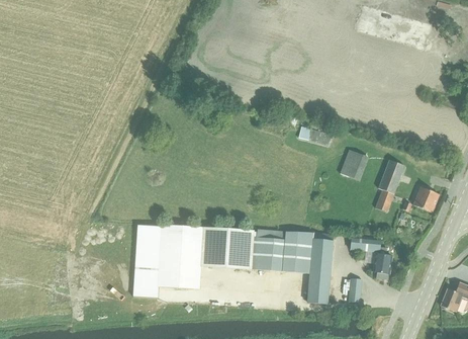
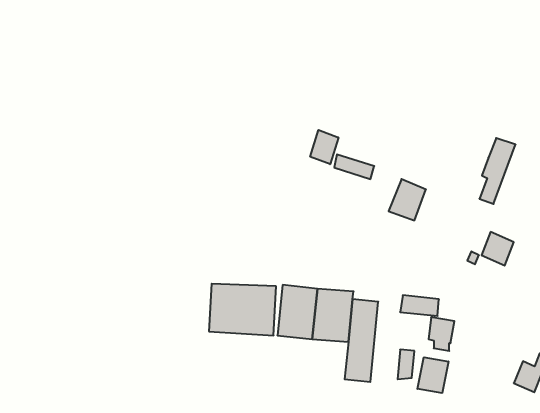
building: none -> [310,130,338,164]
building: [376,161,404,213] -> [479,138,516,204]
building: [131,224,202,298] -> none
building: none -> [417,357,448,393]

